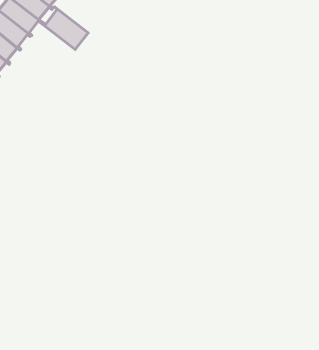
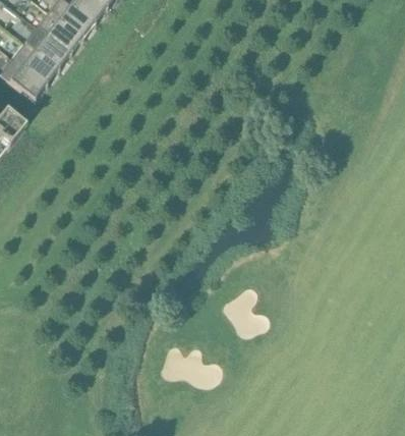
building: [42,7,88,50] -> none

